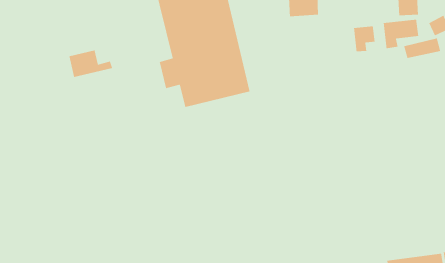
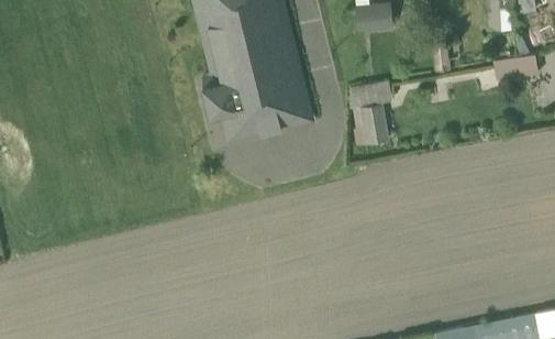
building: [383,19,419,49] -> none
building: [69,49,113,78] -> none
building: none -> [349,81,392,146]

